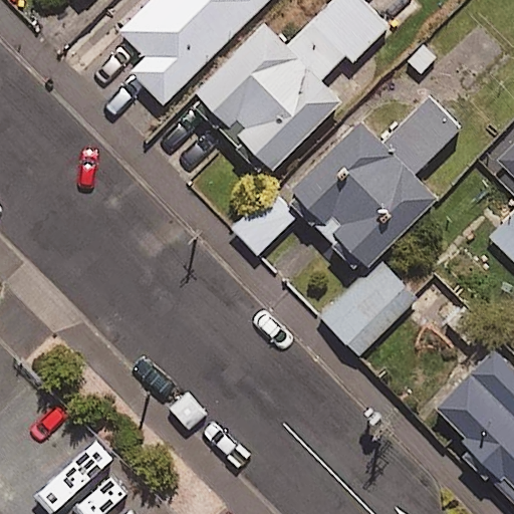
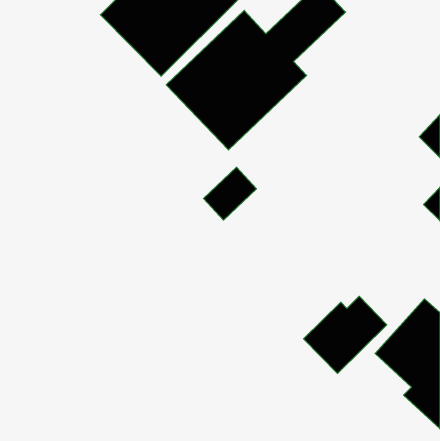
building: [290,95,464,272] -> none
building: [320,266,417,355] -> [304,296,387,373]

